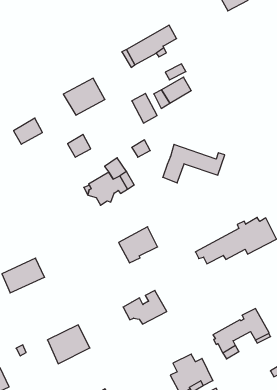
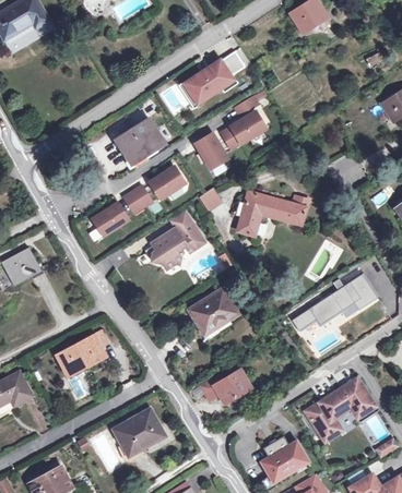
building: [14,118,42,144] -> [93,203,127,235]
building: none -> [150,167,184,199]

